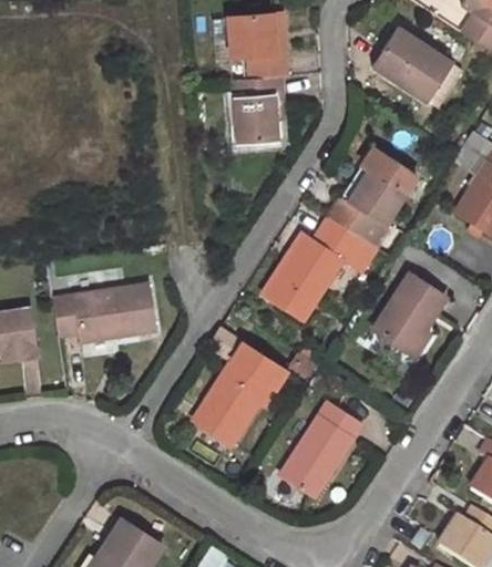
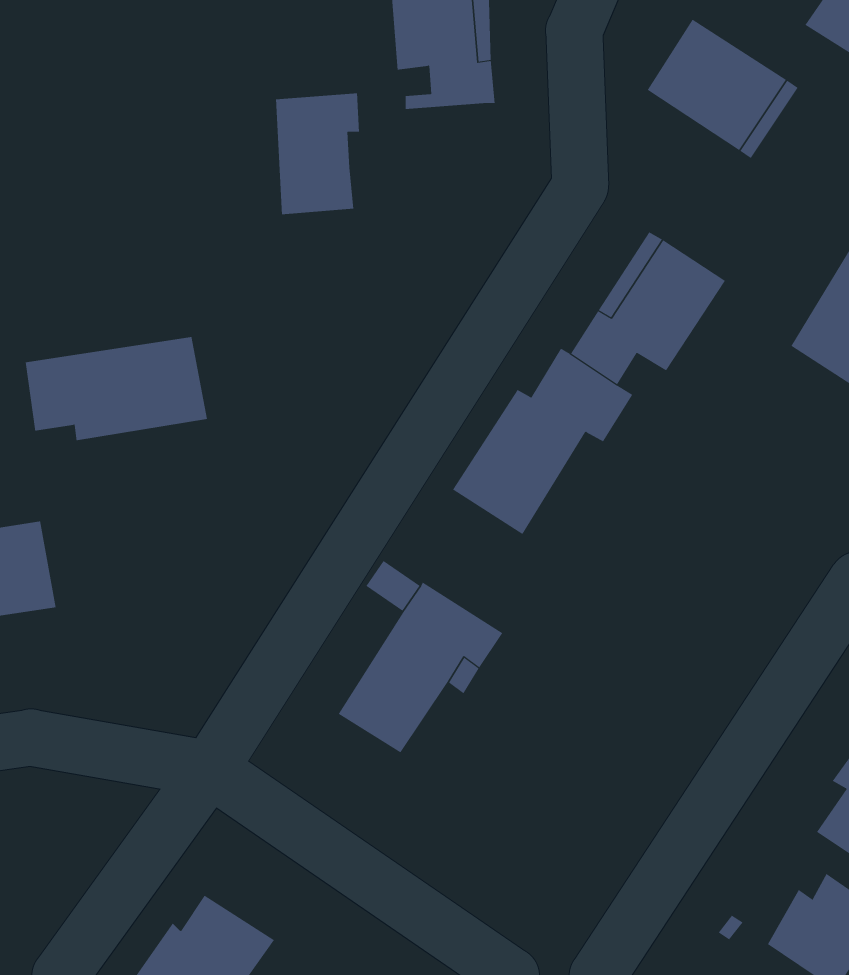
building: [234,75,281,144] -> [275,93,360,215]
building: [375,275,445,357] -> none
building: [53,286,156,344] -> [25,337,208,441]
building: [281,403,360,495] -> none

